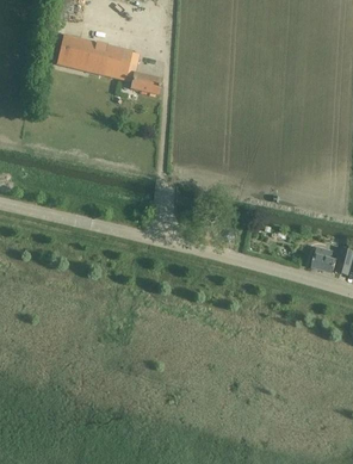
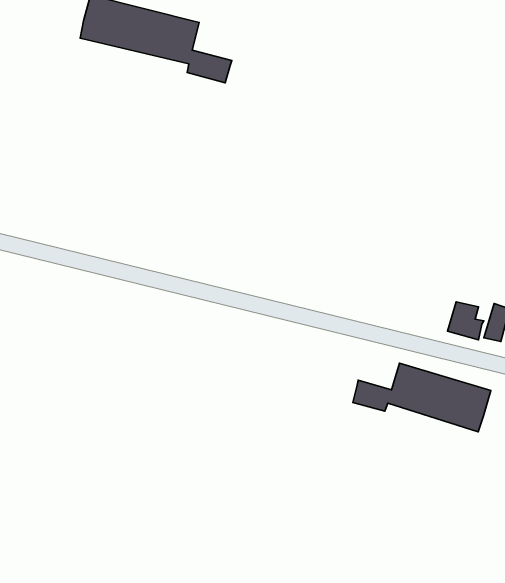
building: none -> [353,363,491,432]

